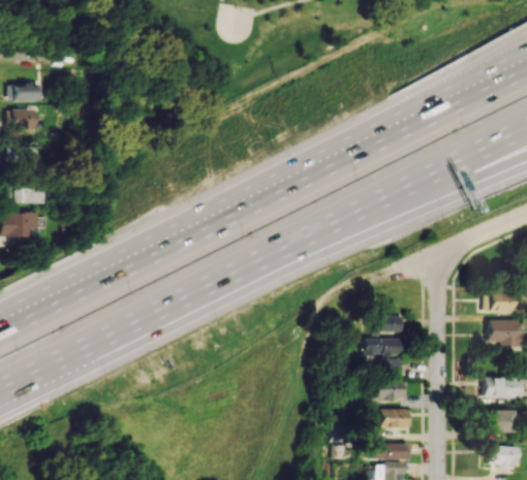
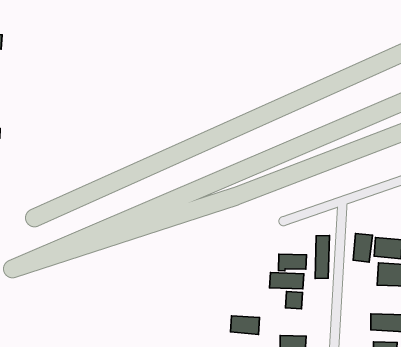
building: none -> [353,234,373,262]
building: none -> [315,236,329,278]
building: [376,381,408,401] -> [231,316,259,334]

